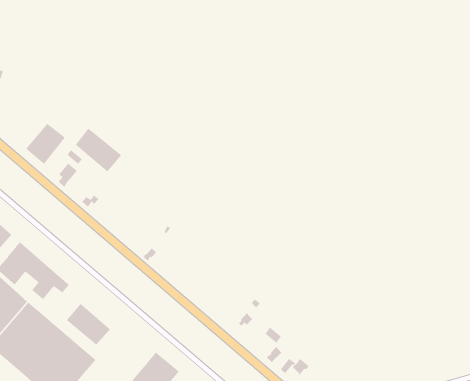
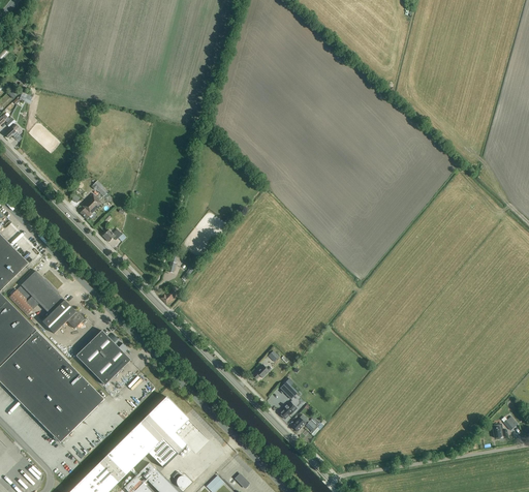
building: [25,123,66,165] -> none
building: [75,128,122,172] -> none
building: none -> [92,331,130,370]

